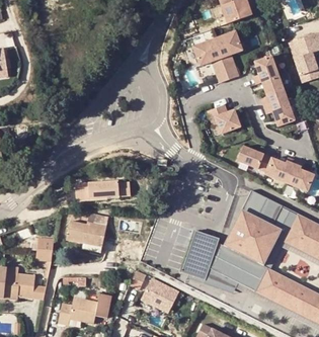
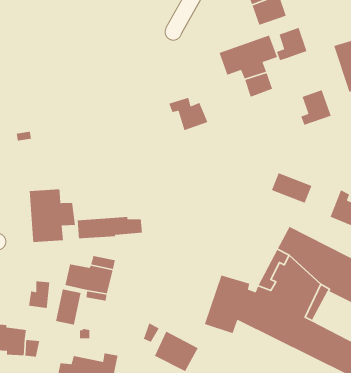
building: [253,56,280,84] -> [276,27,308,61]
building: [264,98,295,125] -> none
building: [207,105,240,134] -> [168,97,208,131]
building: [264,156,295,182] -> none
building: none -> [29,189,76,243]
building: none -> [55,288,82,325]

